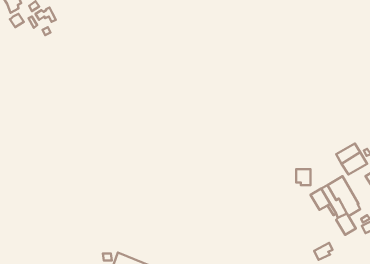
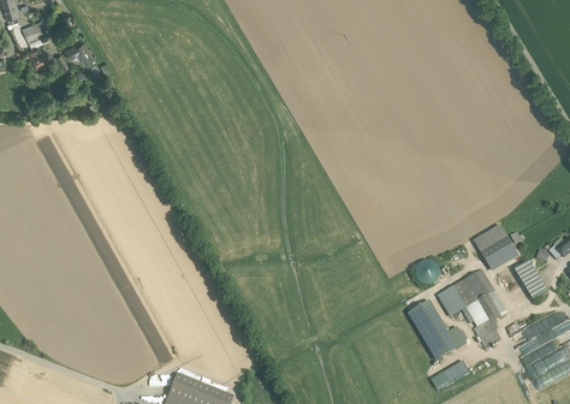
building: none -> [409,301,457,360]

